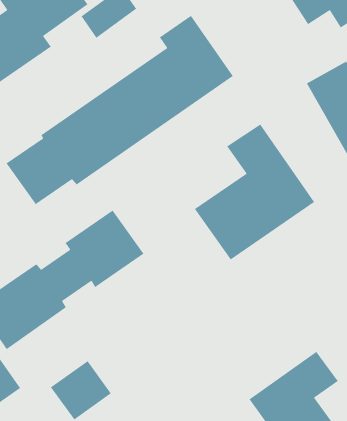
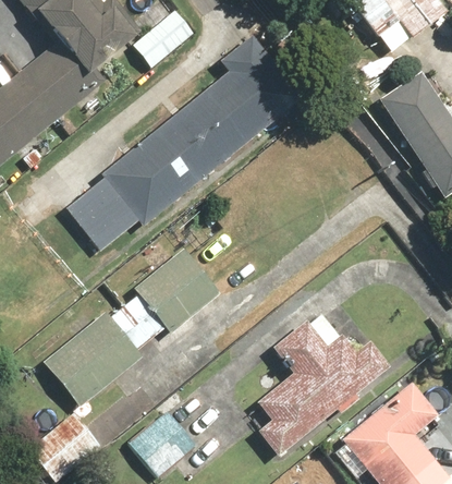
building: [194,123,315,261] -> none
building: none -> [256,315,390,457]

